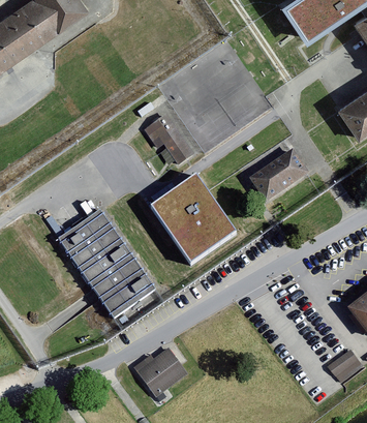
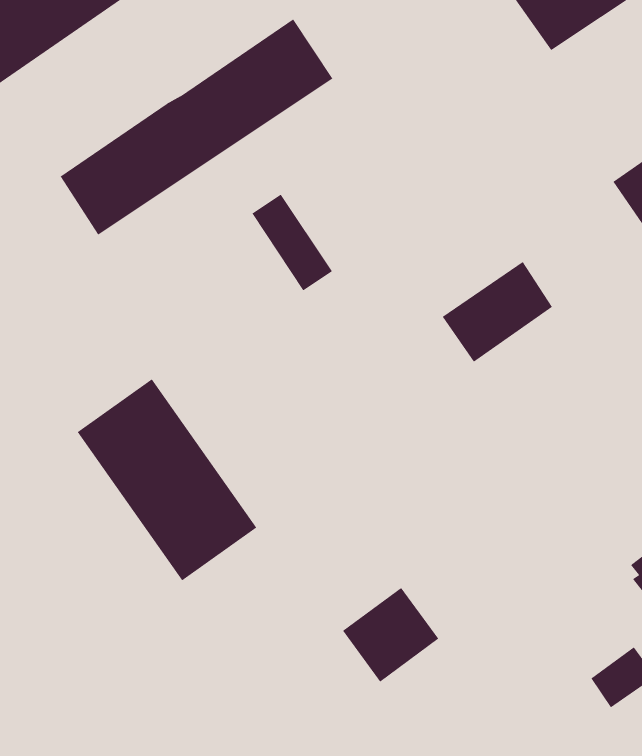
building: none -> [60,19,333,236]
building: [152,178,237,266] -> none
building: [137,350,188,399] -> [342,587,439,682]

